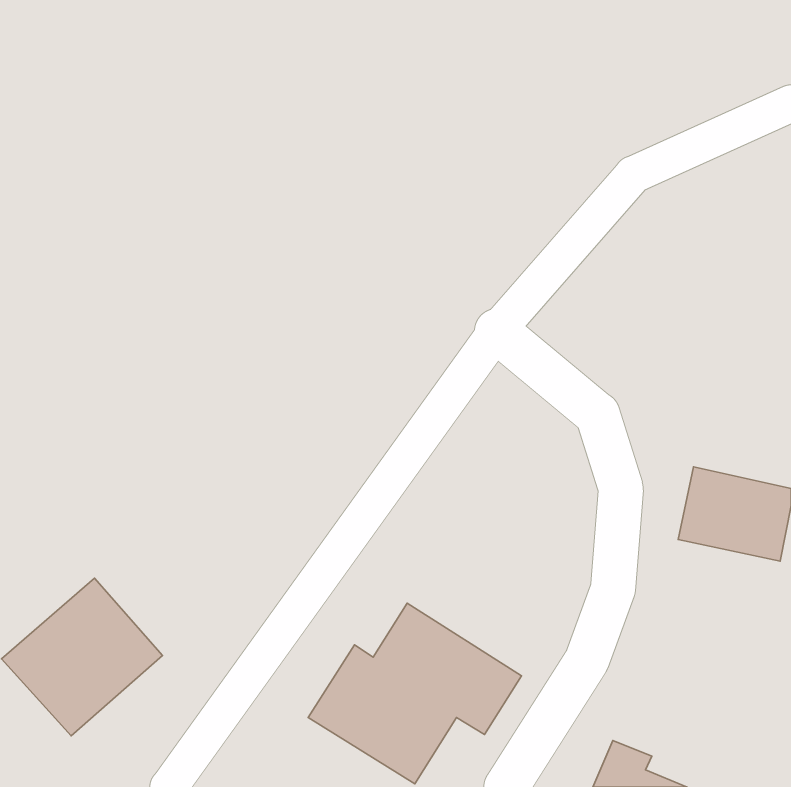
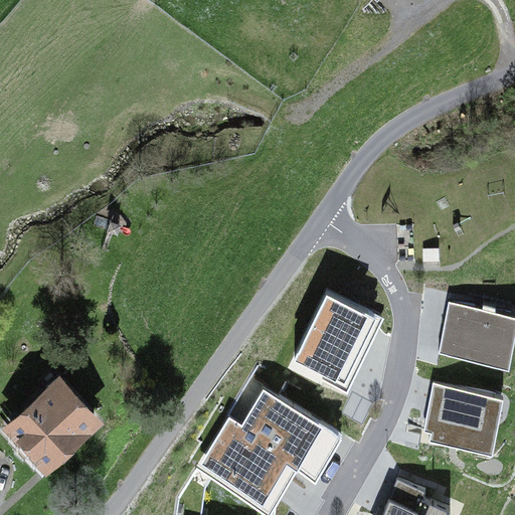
building: none -> [297,297,378,384]
building: none -> [425,385,502,453]

